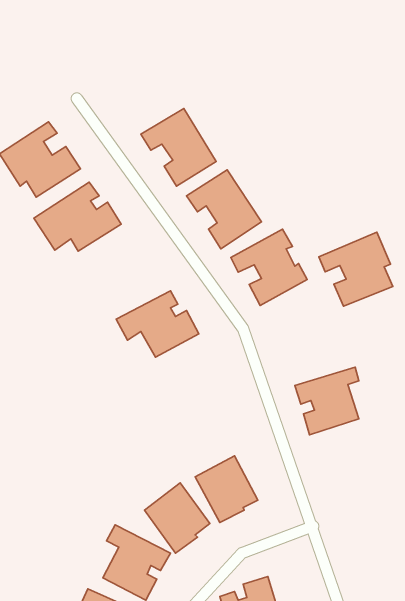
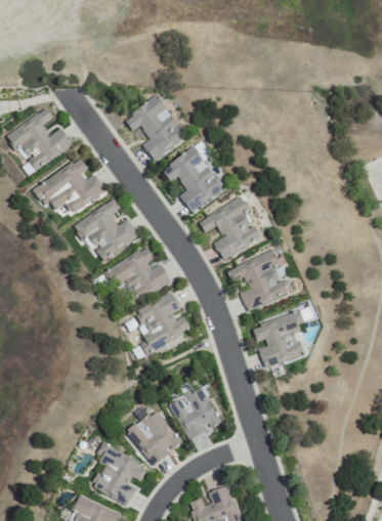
building: none -> [73,199,140,261]
building: [319,232,393,306] -> [227,250,289,311]
building: none -> [133,292,192,355]

